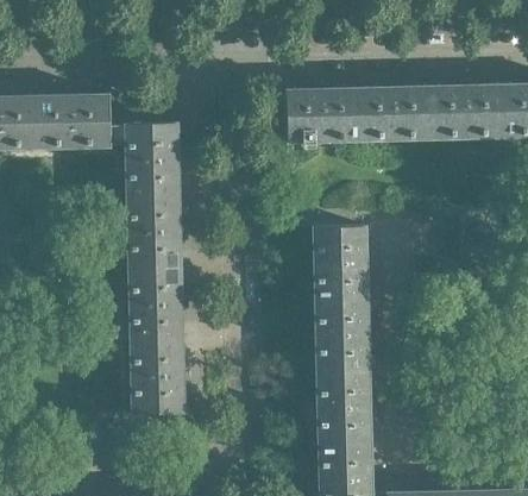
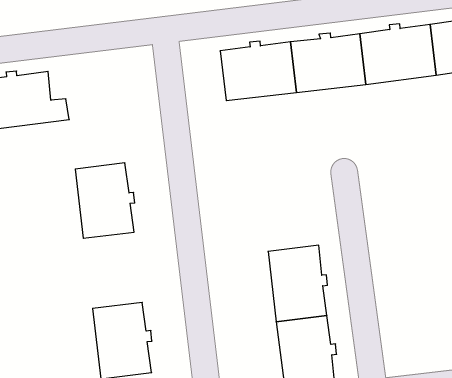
building: [124,124,182,197] -> none
building: [312,227,370,301] -> none
building: [127,268,186,341] -> none

